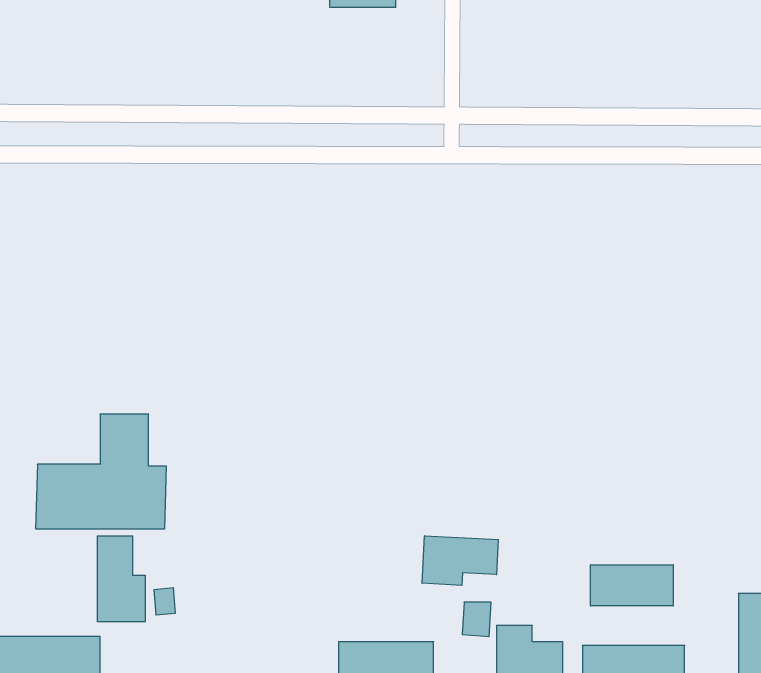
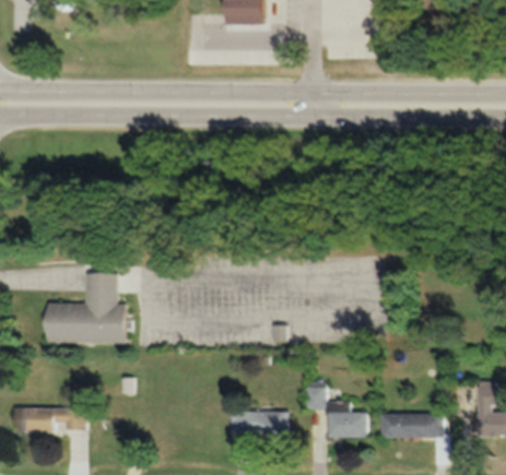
building: [422,536,498,585] -> none
building: [97,536,145,622] -> none
building: [591,565,673,606] -> none

